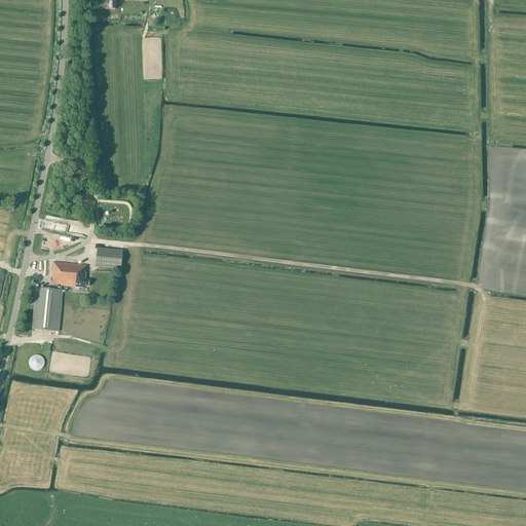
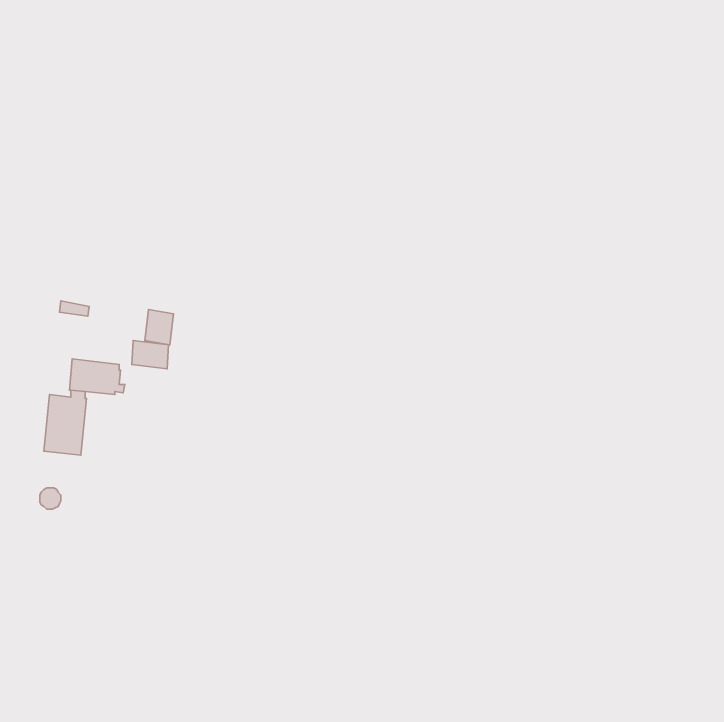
building: none -> [145,310,174,345]

